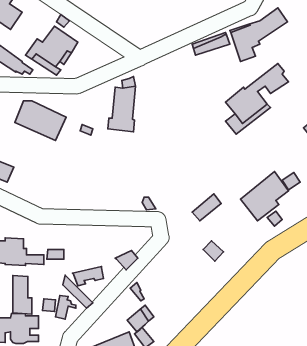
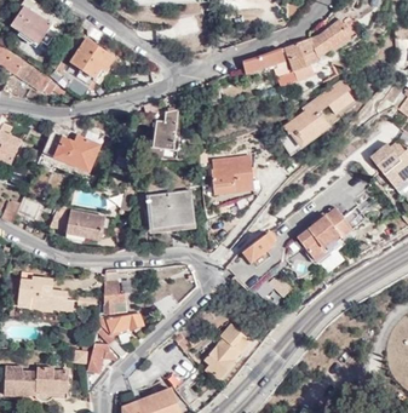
building: none -> [211,156,252,196]
building: none -> [145,193,191,231]
building: none -> [51,205,105,237]
building: none -> [203,322,253,379]
building: [13,276,32,314] -> [105,270,127,314]

